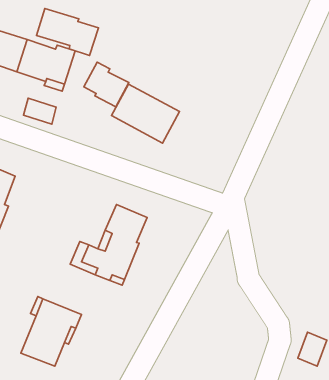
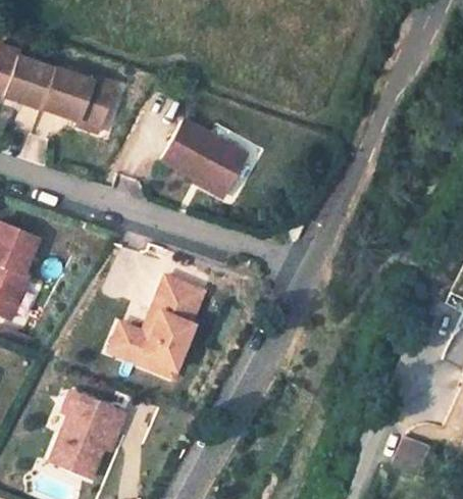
building: [37,8,98,55] -> none
building: [84,62,129,107] -> none
building: [24,98,56,124] -> none

